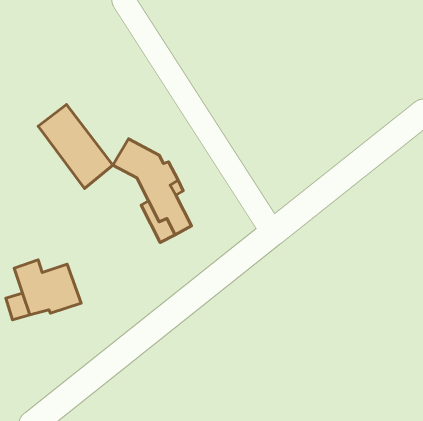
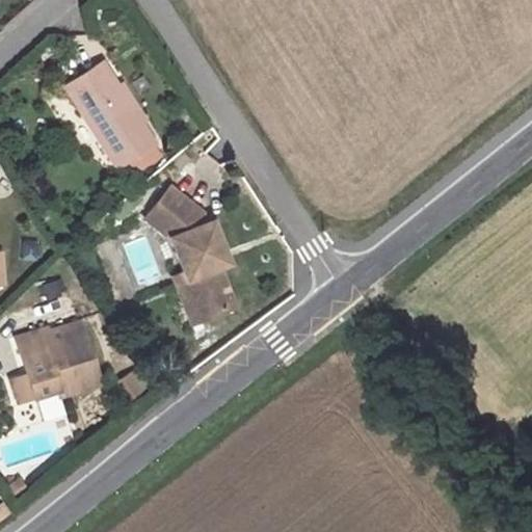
building: [38,105,113,188] -> [63,64,157,169]

